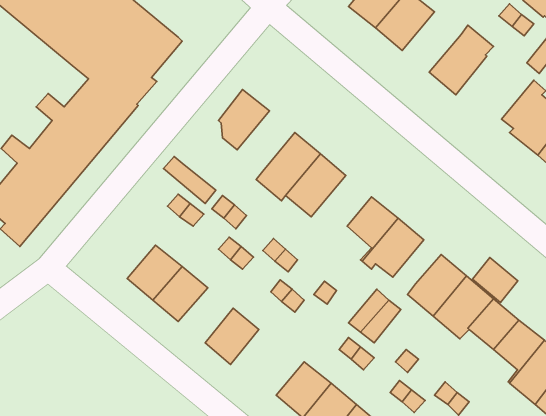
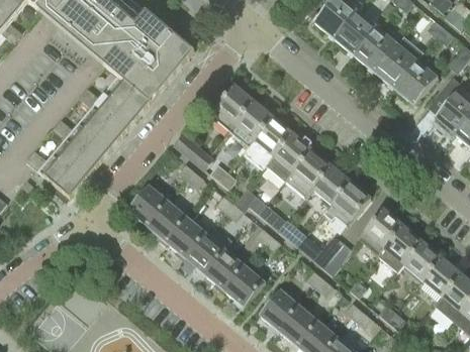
building: none -> [353,25,397,71]
building: none -> [393,58,437,104]
building: none -> [228,100,272,145]
building: none -> [284,148,330,196]
building: none -> [126,184,167,226]
building: [473,258,518,302] -> none
building: none -> [184,233,225,274]
building: none -> [223,264,265,307]

